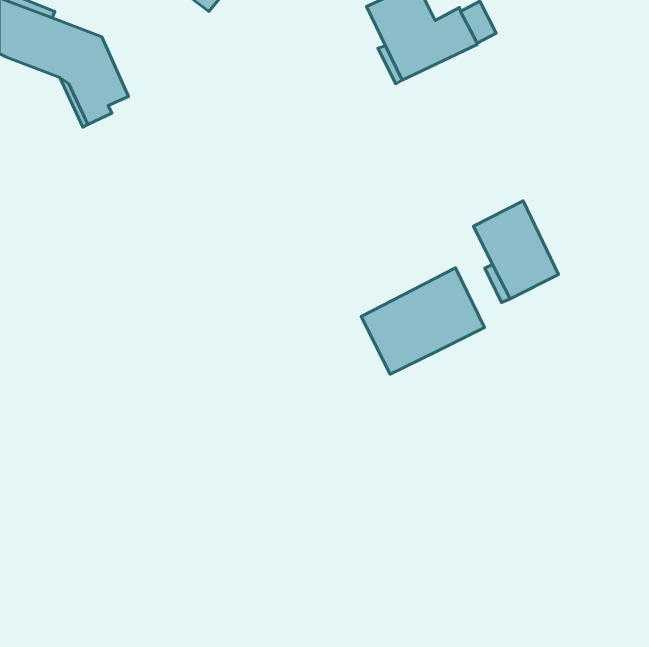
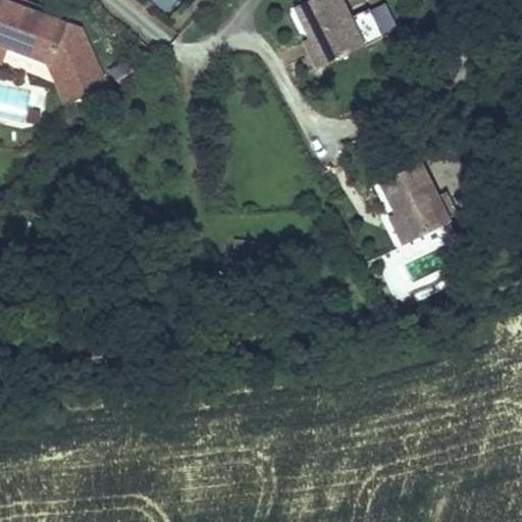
building: [361,268,485,374] -> none

